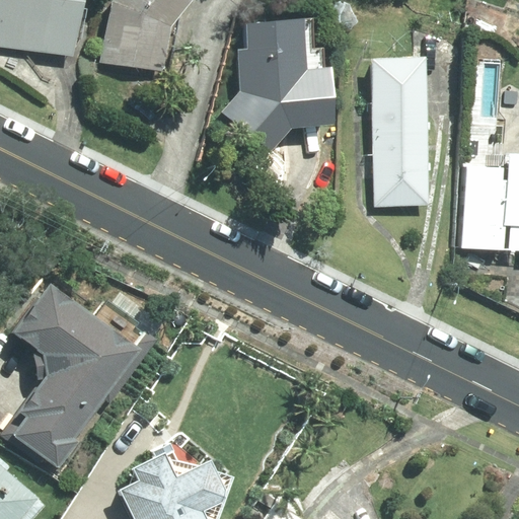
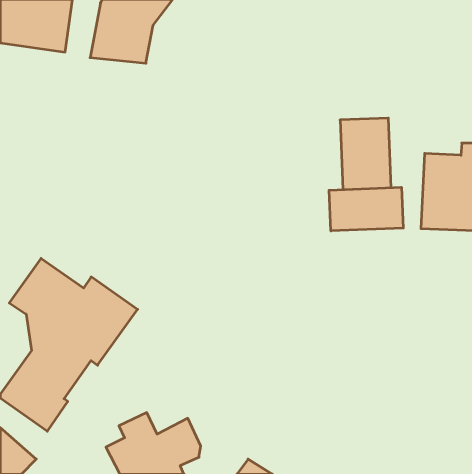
building: [223,21,333,152] -> none
building: [372,59,427,131] -> none
building: none -> [329,187,403,231]

